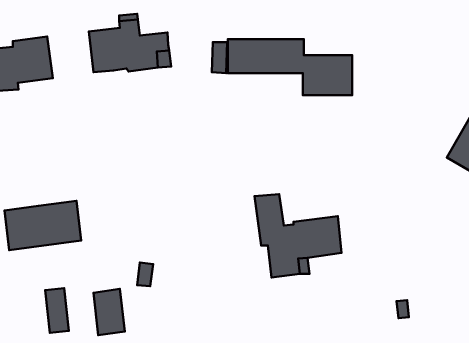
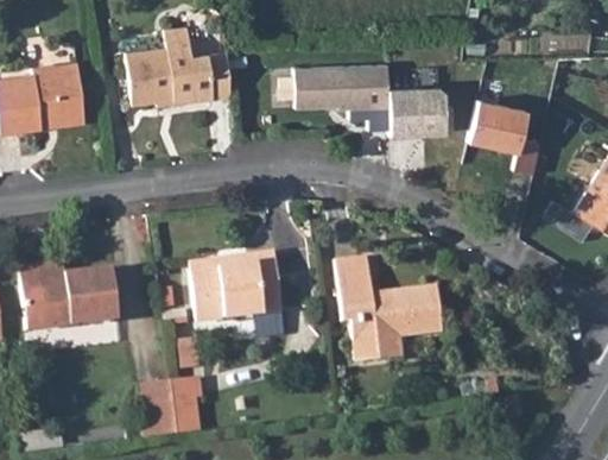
building: none -> [473,96,549,175]
building: none -> [188,256,278,322]
building: [45,288,69,333] -> [166,376,196,431]

